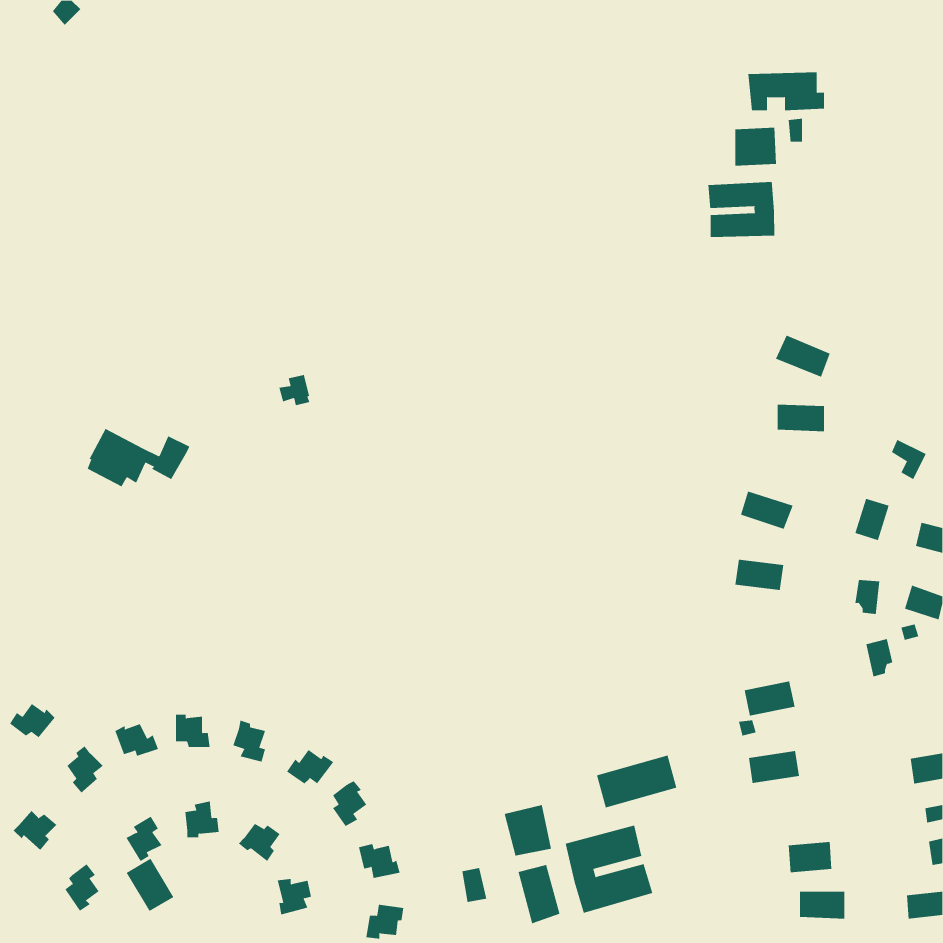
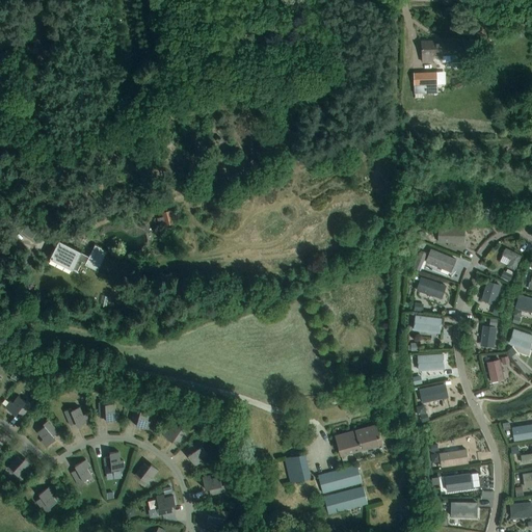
building: [708,181,775,238] -> none
building: [775,335,831,377] -> [425,248,456,272]
building: none -> [418,353,444,371]
building: [748,750,800,784] -> [440,449,469,468]
building: [126,858,174,912] -> none
building: [518,864,560,924] -> none

